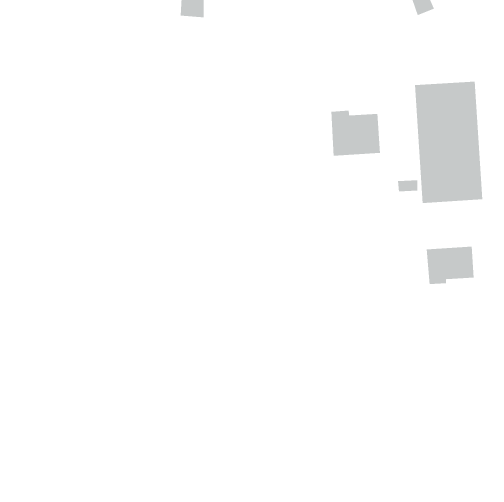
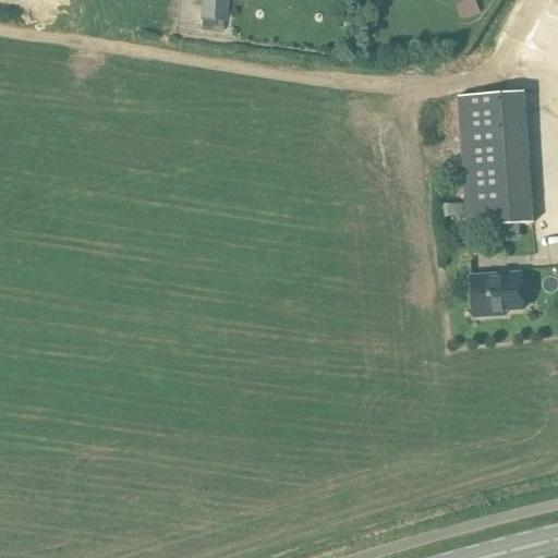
building: [331,110,381,157] -> none

